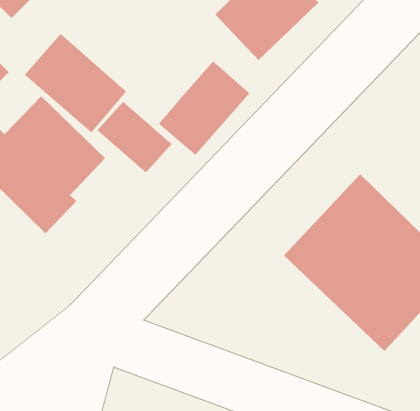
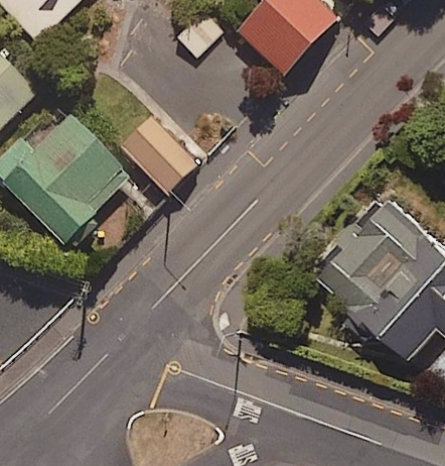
building: [24,33,127,134] -> none
building: [158,60,251,156] -> none

